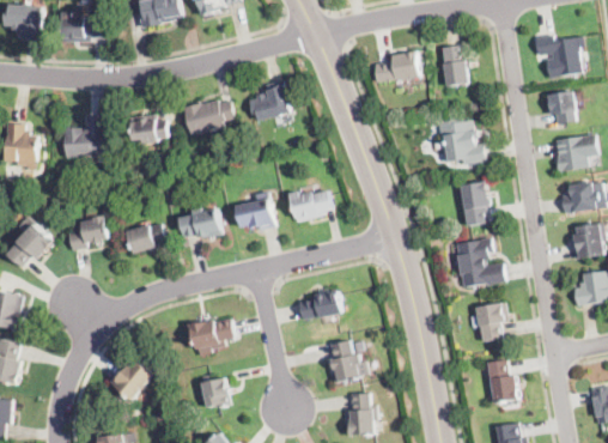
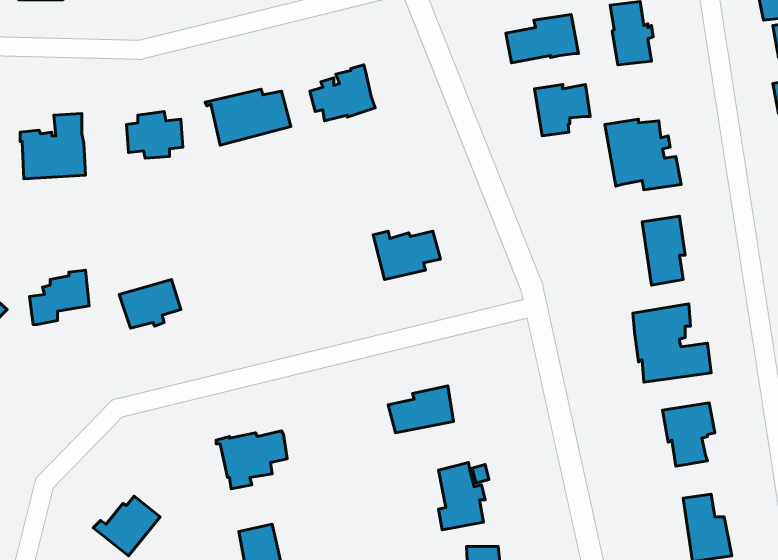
building: none -> [534,84,590,136]
building: [235,192,274,229] -> none
building: [177,207,220,237] -> none

